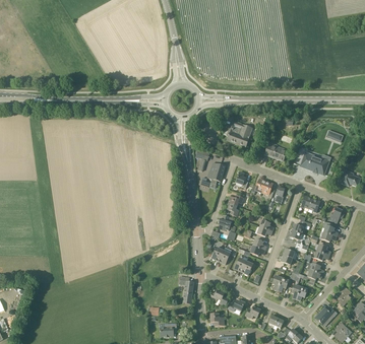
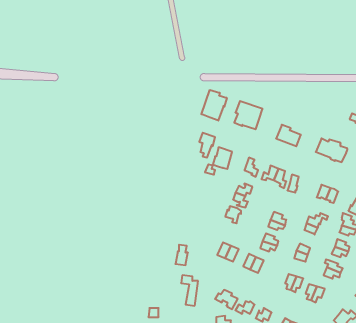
building: none -> [201,90,227,121]

